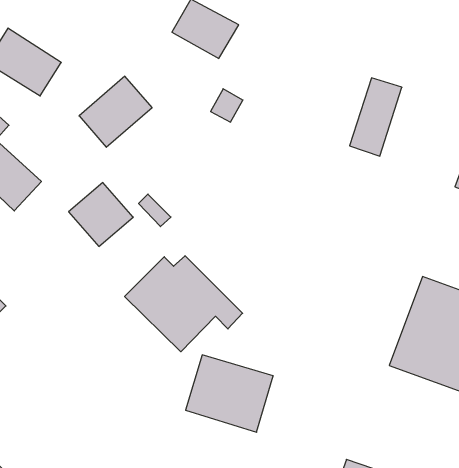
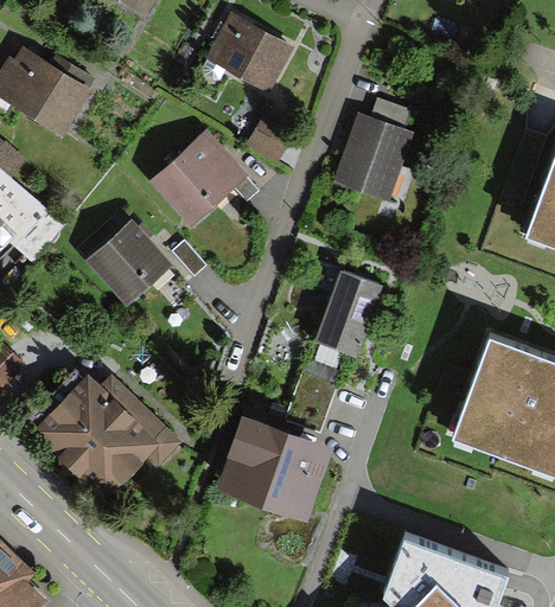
building: [79,76,152,147] -> [155,139,238,219]
building: [350,78,402,156] -> [347,108,407,197]
building: none -> [320,279,374,347]
building: [125,256,243,352] -> [38,383,172,492]

